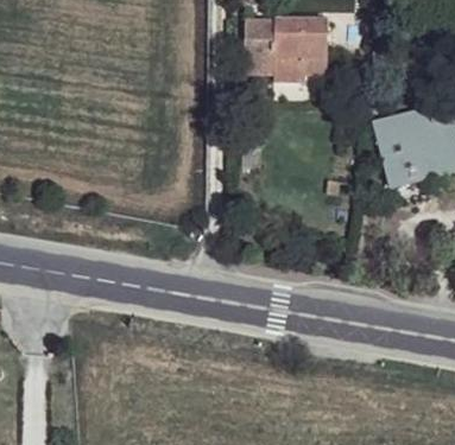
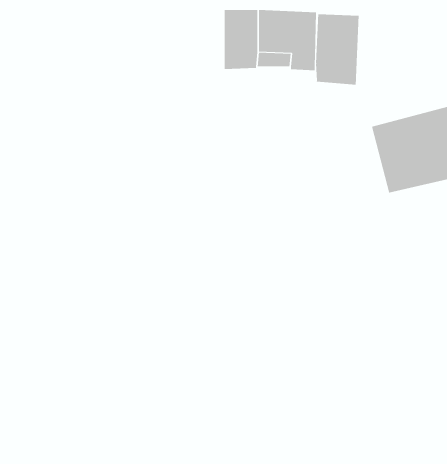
building: none -> [316,13,359,86]

